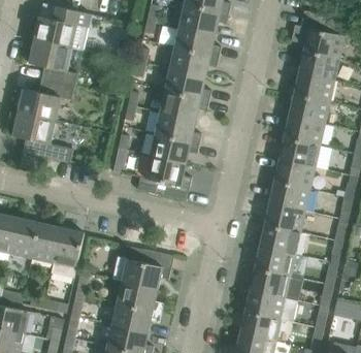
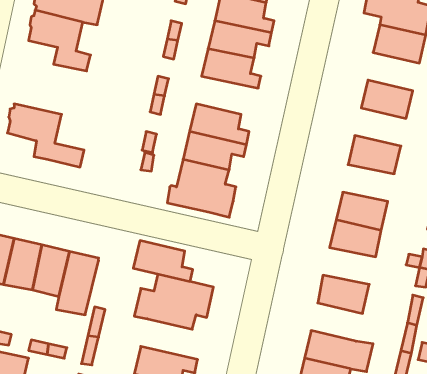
building: [294,72,334,102] -> none
building: [17,82,74,121] -> none
building: [160,91,208,121] -> none
building: [284,116,324,146] -> none
building: [274,160,315,189] -> none
building: [254,225,300,254] -> none
building: [250,268,290,298] -> none
building: [117,281,163,313] -> [133,241,193,281]

